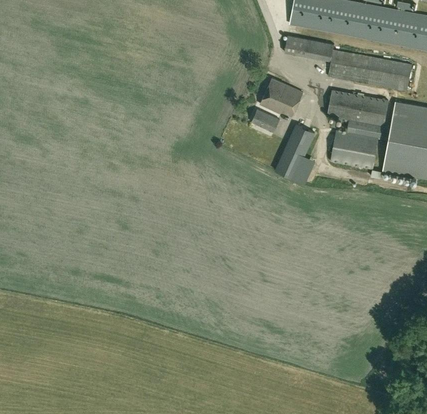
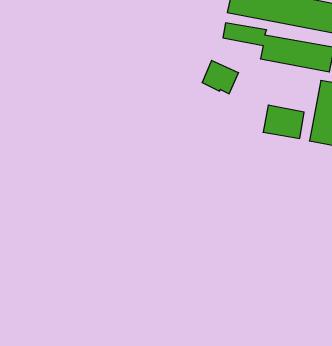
building: [327,90,389,126] -> none
building: [251,109,280,133] -> none
building: [275,124,314,179] -> none

